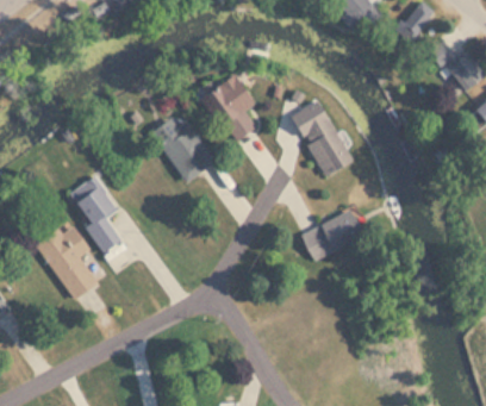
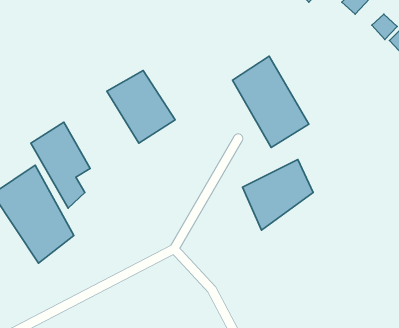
building: [192,68,269,145] -> none

